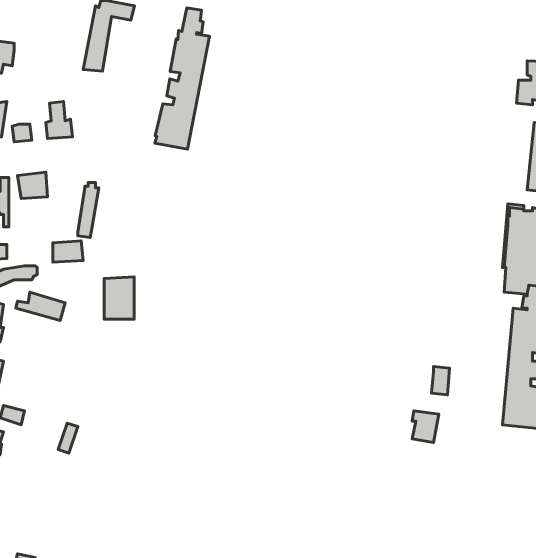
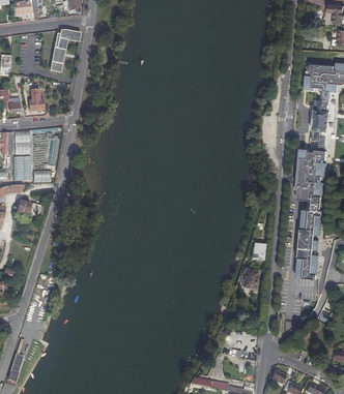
building: [155,8,209,149] -> none
building: [104,277,134,319] -> [12,155,30,180]

